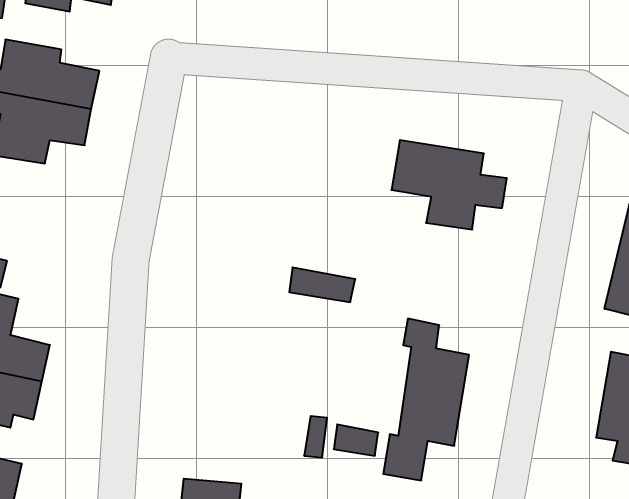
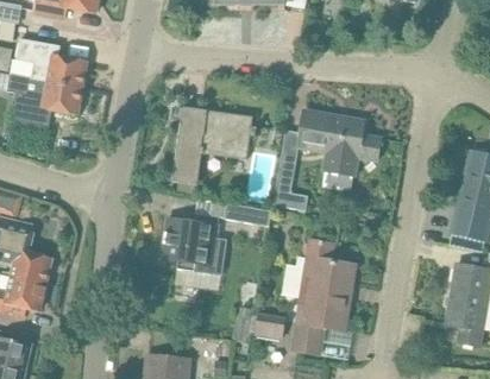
building: none -> [172,106,252,184]
building: none -> [271,158,307,210]
building: none -> [162,219,227,276]

